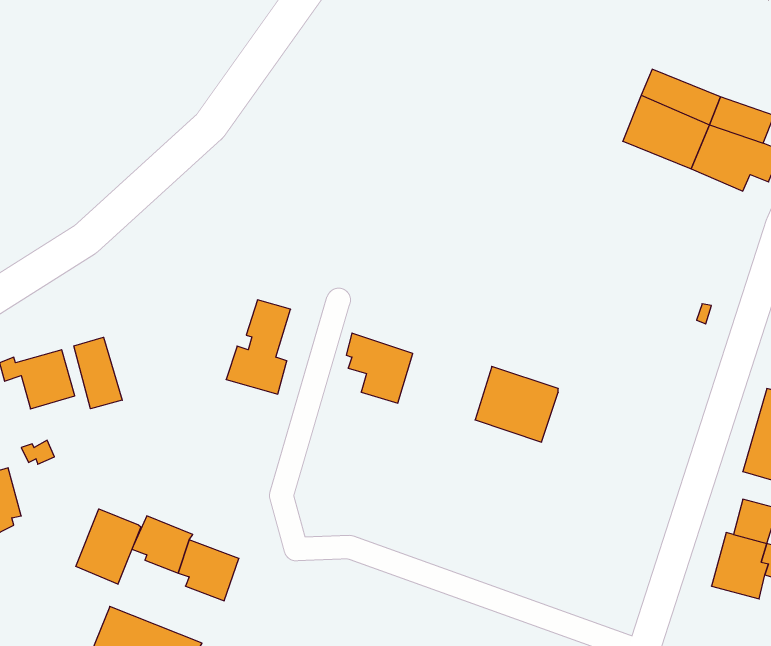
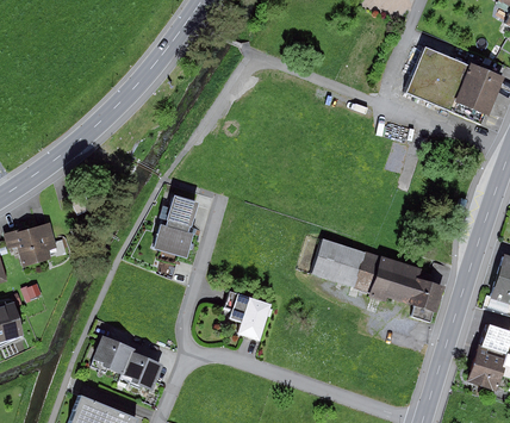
building: [346,333,413,403] -> [228,291,270,336]
building: [74,337,122,409] -> none
building: none -> [356,255,444,321]
building: [76,509,141,584] -> none

